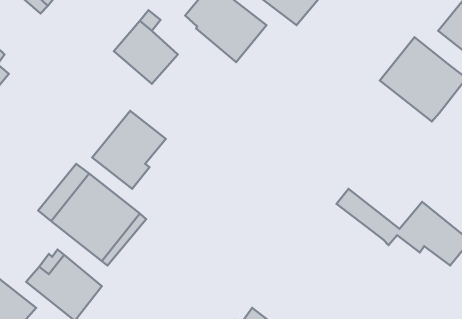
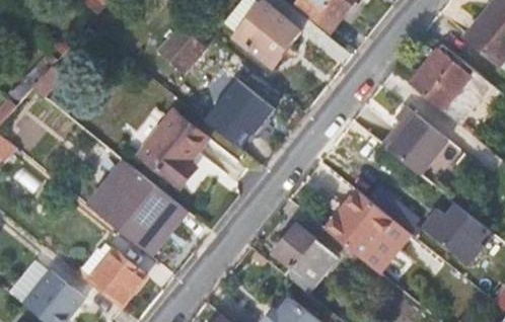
building: none -> [206,80,275,147]
building: none -> [386,106,447,175]
building: none -> [324,190,411,273]
building: none -> [274,223,339,294]

